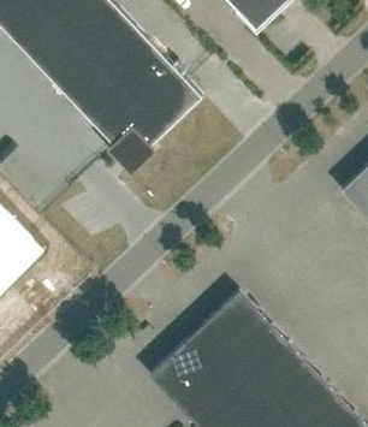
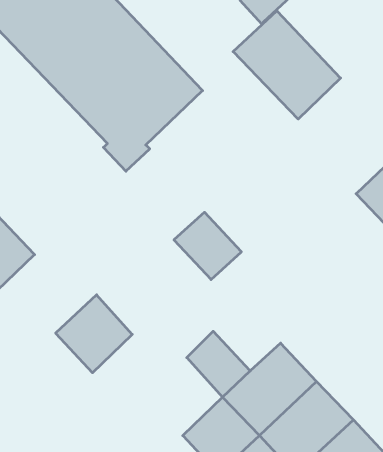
building: none -> [233,11,341,119]
building: [212,290,273,351] -> [174,212,241,280]
building: [150,339,220,410] -> [56,295,132,373]

